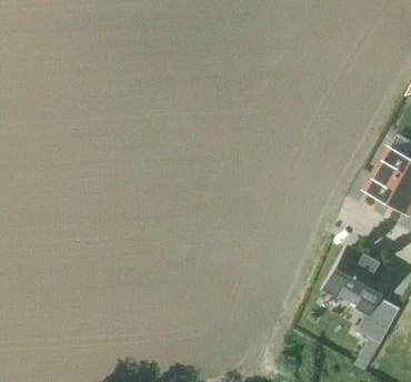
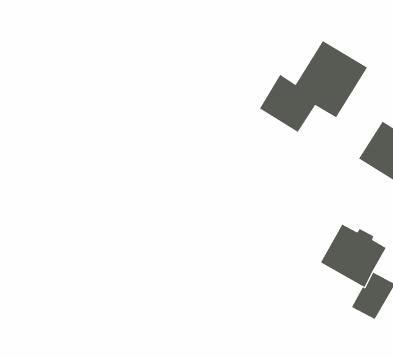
building: none -> [259,40,368,133]

